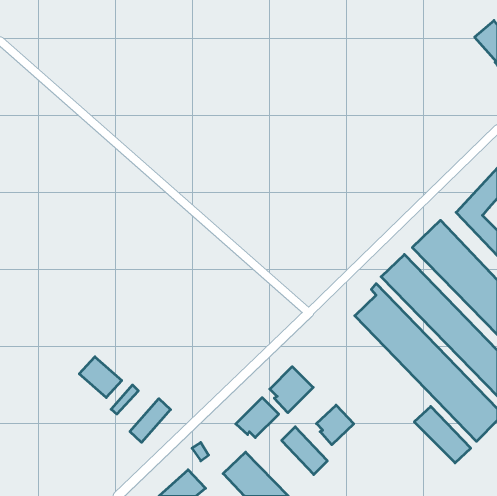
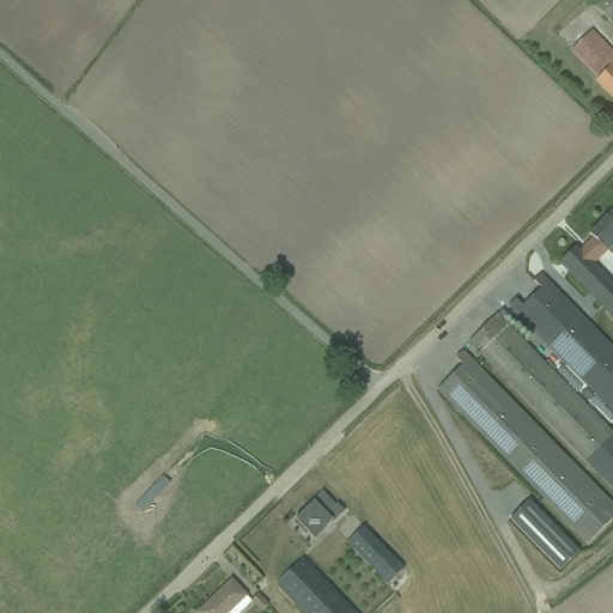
building: [79,357,122,398] -> none
building: [270,367,313,413] -> none
building: [130,399,171,442] -> none
building: [316,405,354,445] -> none

